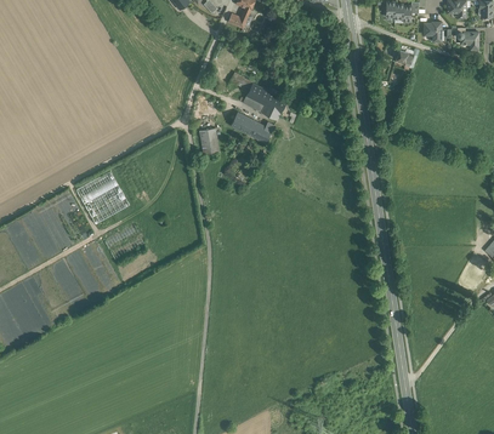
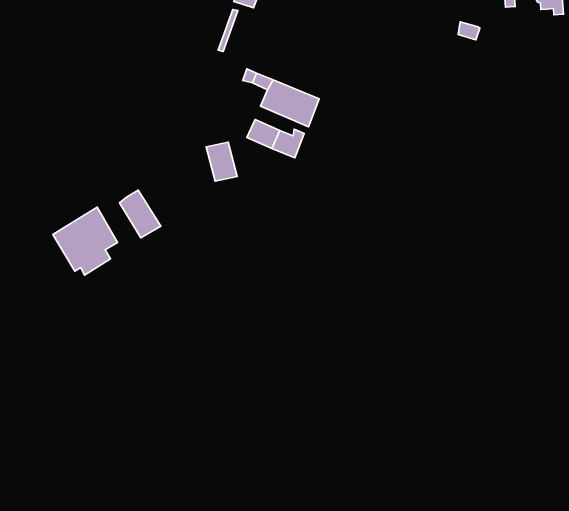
building: none -> [119,190,161,238]

